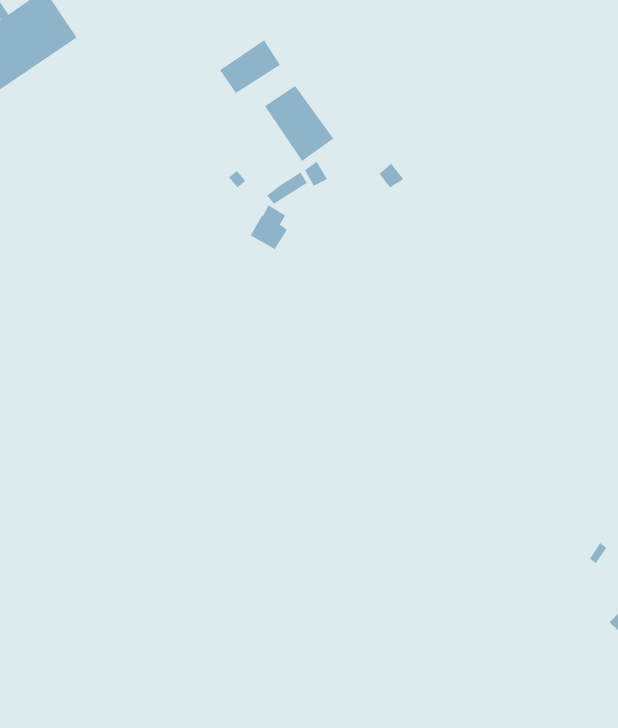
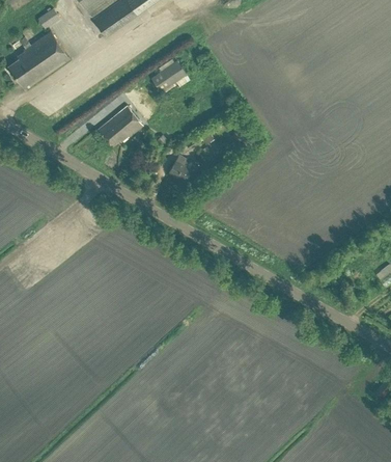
building: [264,85,334,162] -> none
building: none -> [97,105,143,145]

